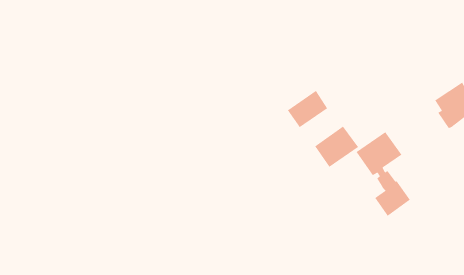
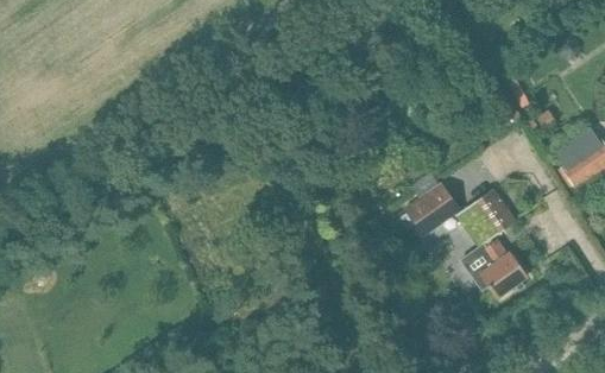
building: [287,90,328,128] -> none

